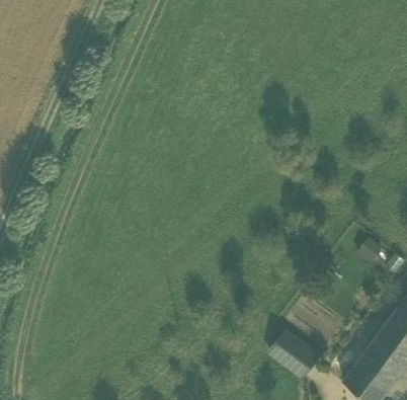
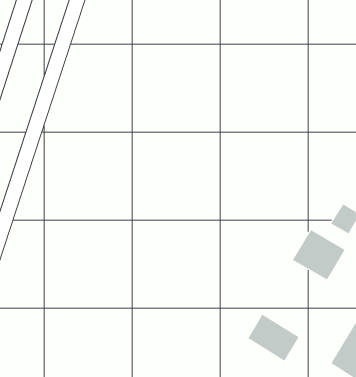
building: none -> [292,229,346,280]

